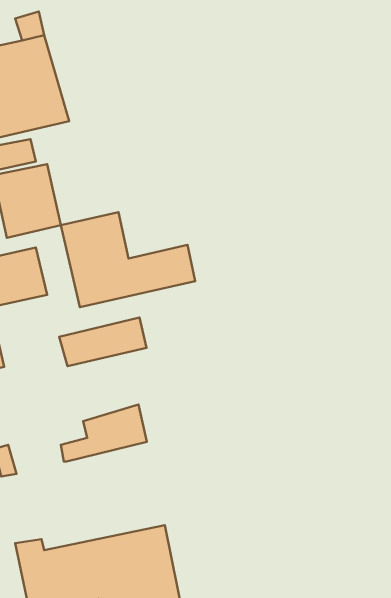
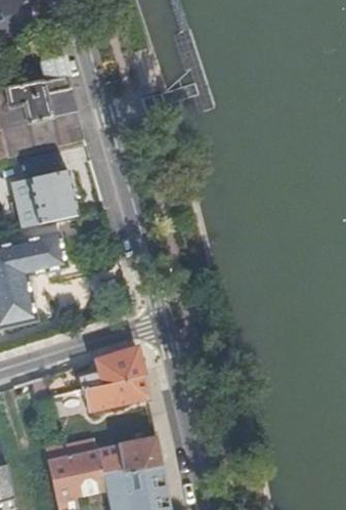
building: [61,212,195,307] -> none
building: [59,317,147,366] -> [82,374,146,410]

